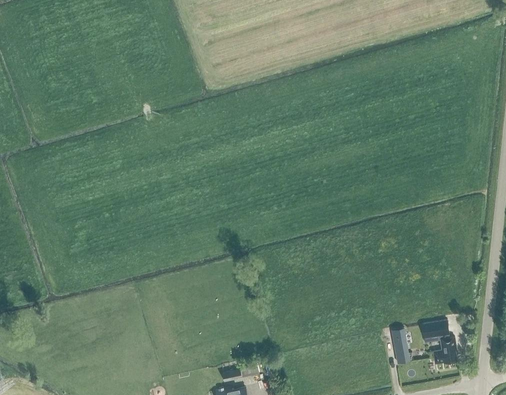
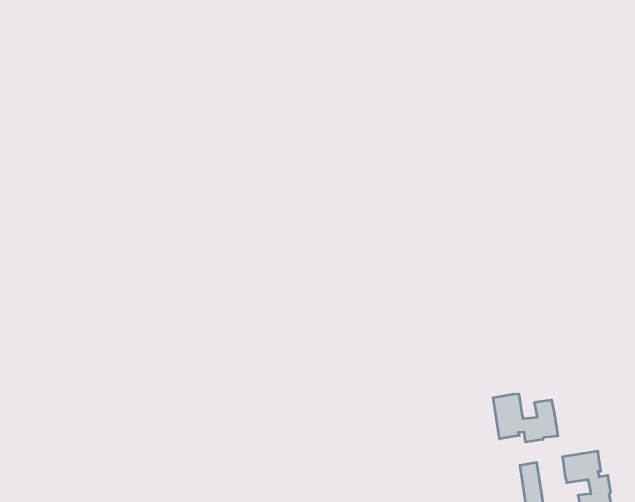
building: none -> [493,394,558,442]

